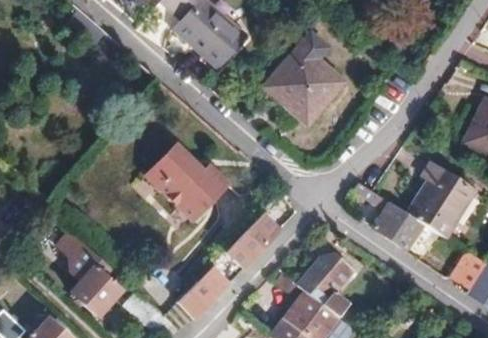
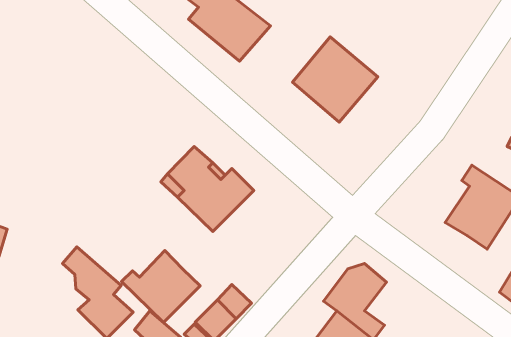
building: [354,183,425,249] -> none
building: [228,215,279,267] -> none
building: none -> [121,251,200,323]

